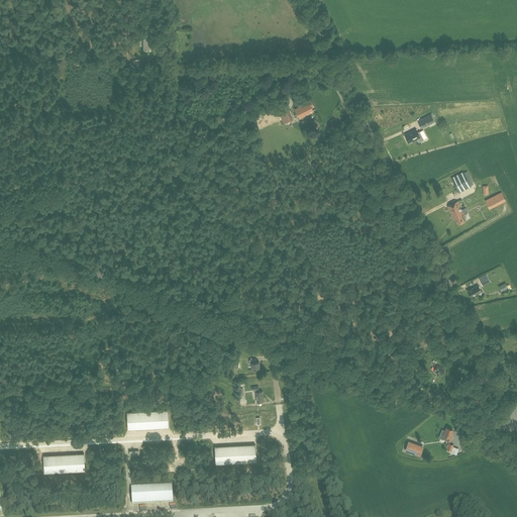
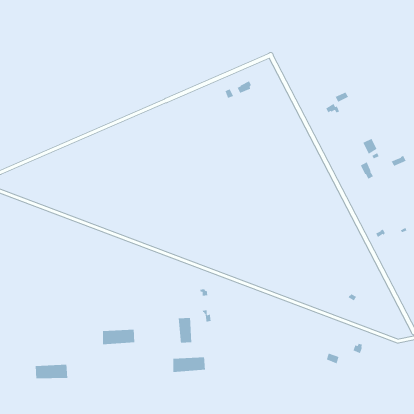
building: none -> [178,317,192,343]
building: [131,485,173,504] -> none

